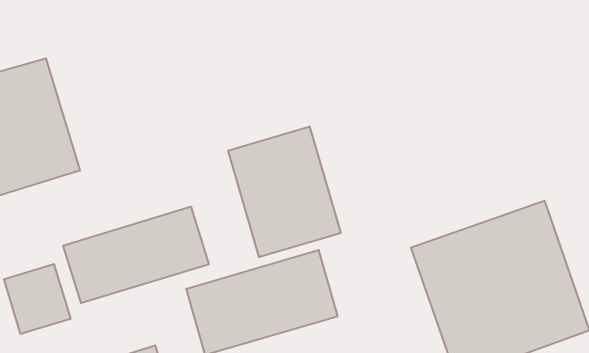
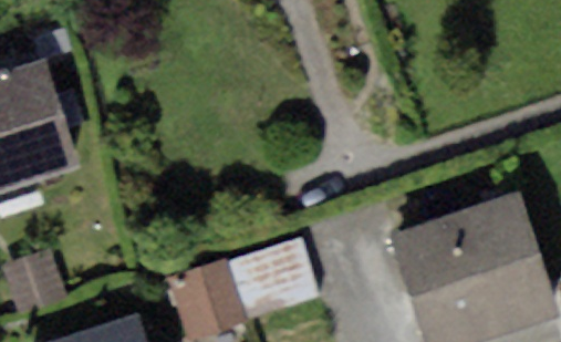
building: [228,126,341,257] -> none
building: [63,207,209,303] -> none

